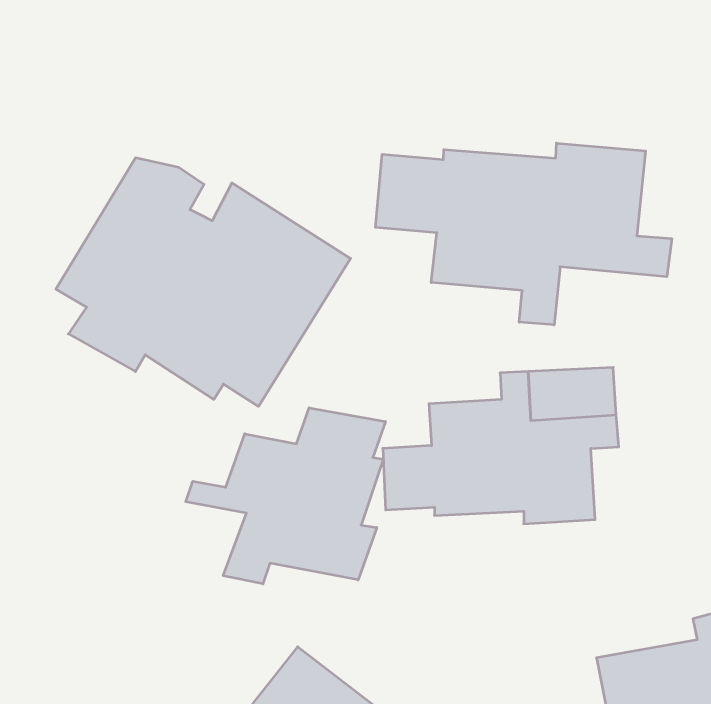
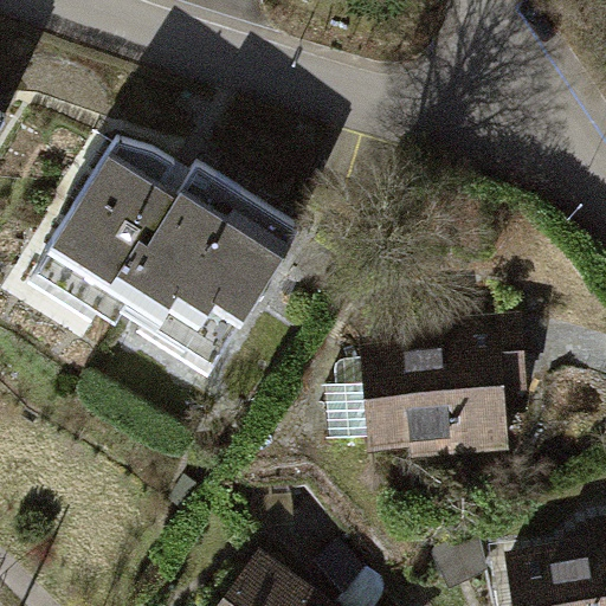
building: [376,143,672,325] -> none
building: [186,408,385,584] -> none

